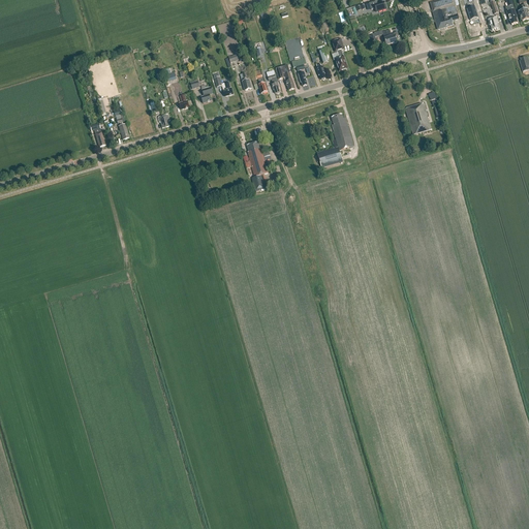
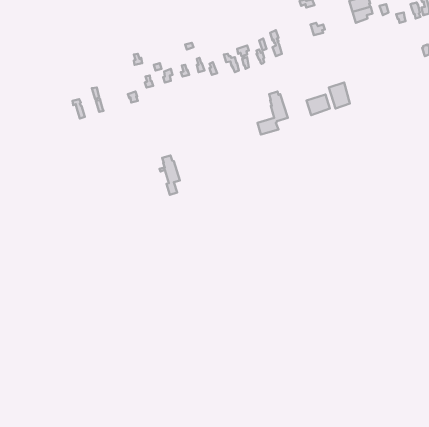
building: none -> [307,95,330,115]
building: [243,141,268,189] -> [160,155,180,195]

